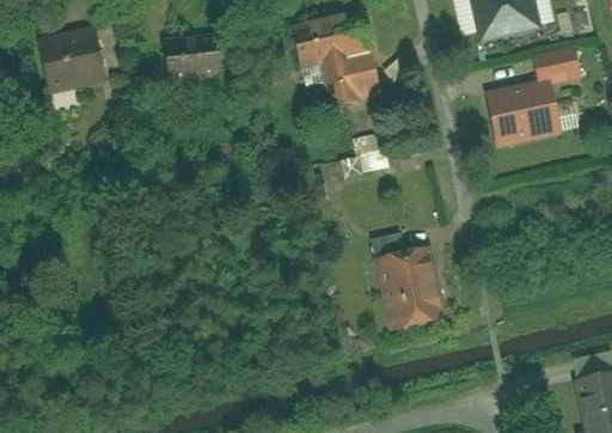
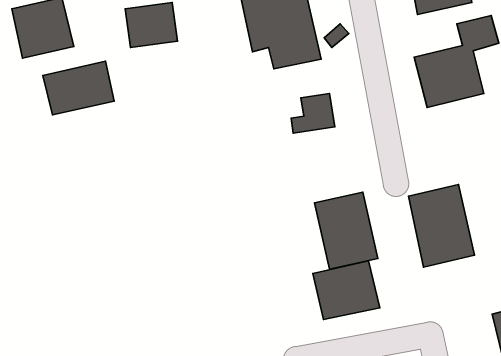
building: none -> [43,61,114,115]
building: none -> [409,185,475,267]
building: none -> [313,261,380,320]

